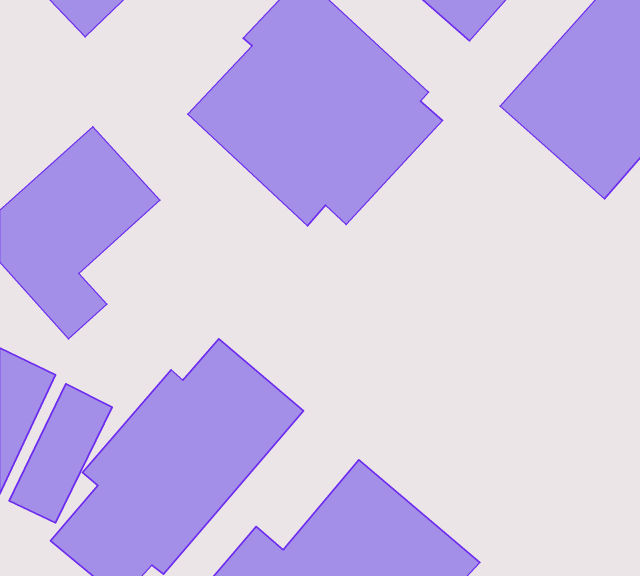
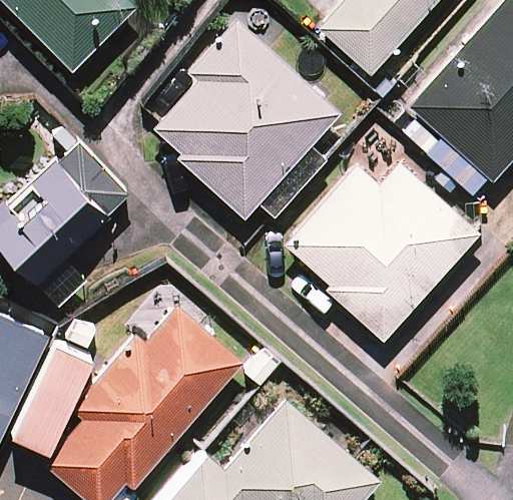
building: none -> [288,162,477,339]

